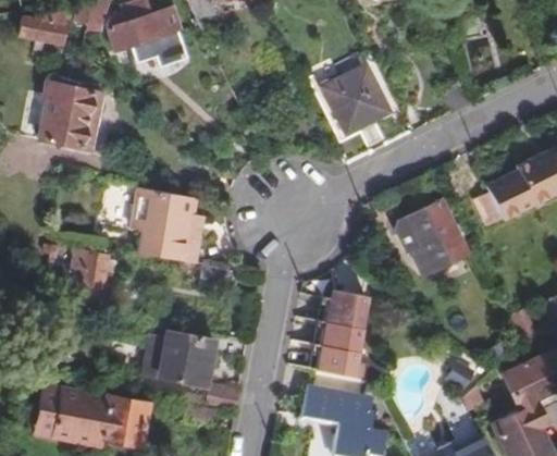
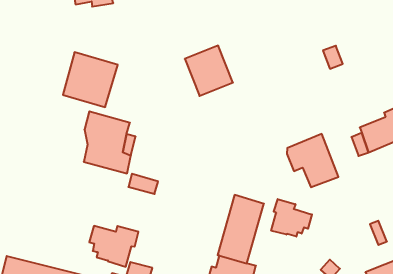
building: [321,65,386,133] -> [185,46,233,96]
building: [30,83,99,151] -> [63,52,118,107]
building: [72,252,107,304] -> none
building: none -> [271,199,312,237]

